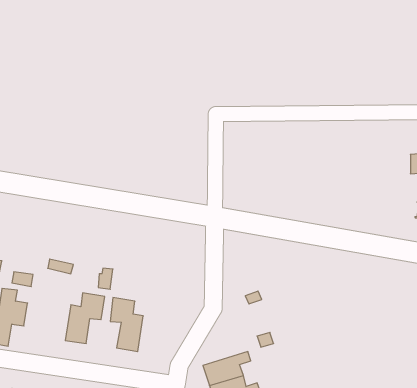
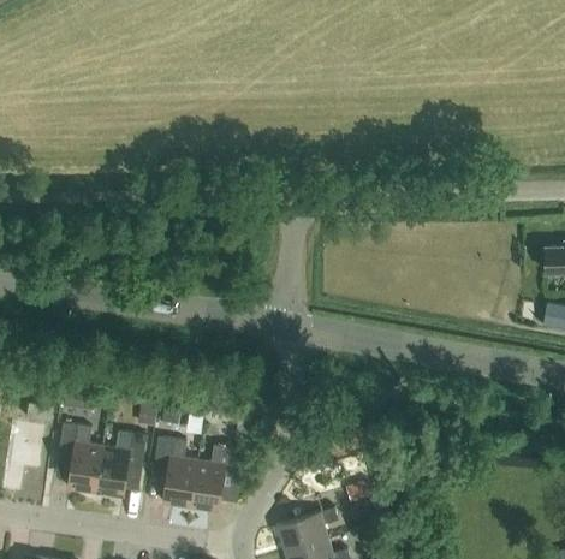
building: none -> [59,423,102,493]
building: none -> [190,445,242,511]

